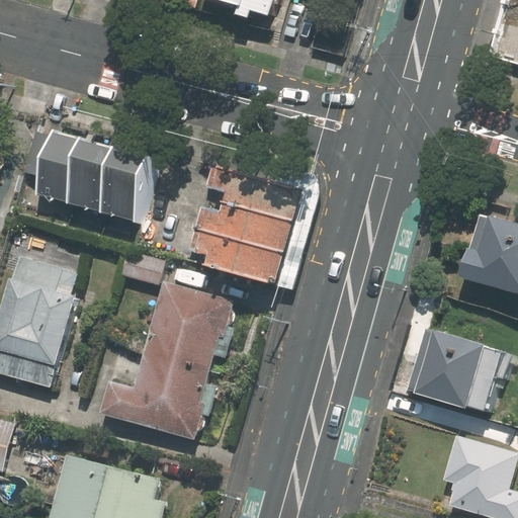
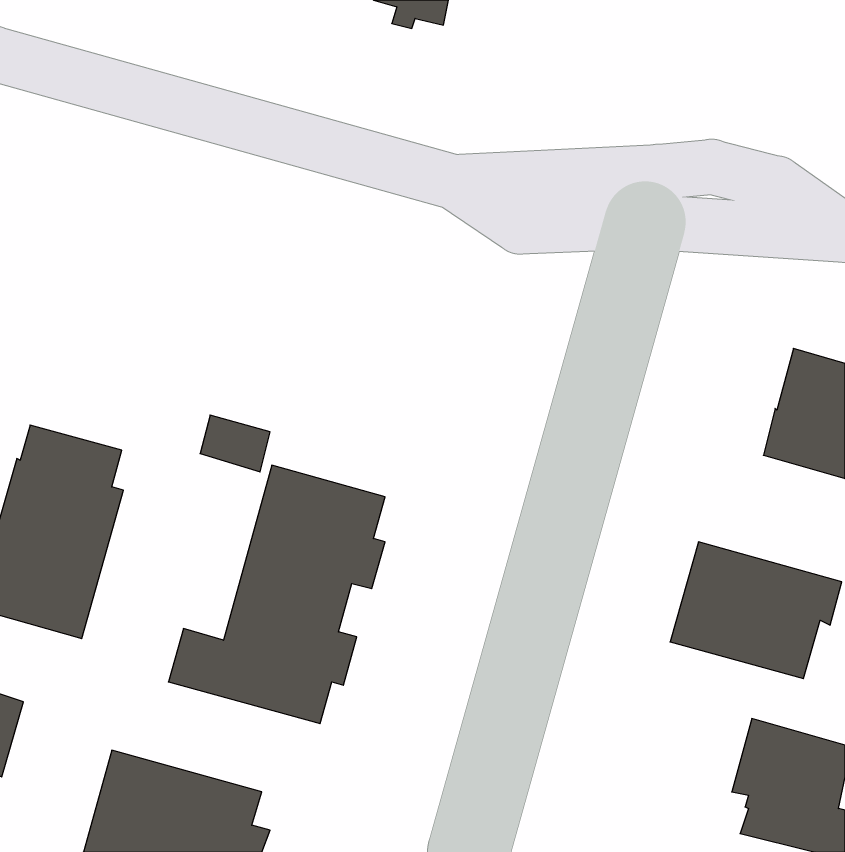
building: [25,132,160,225] -> none
building: [189,166,299,285] -> none

